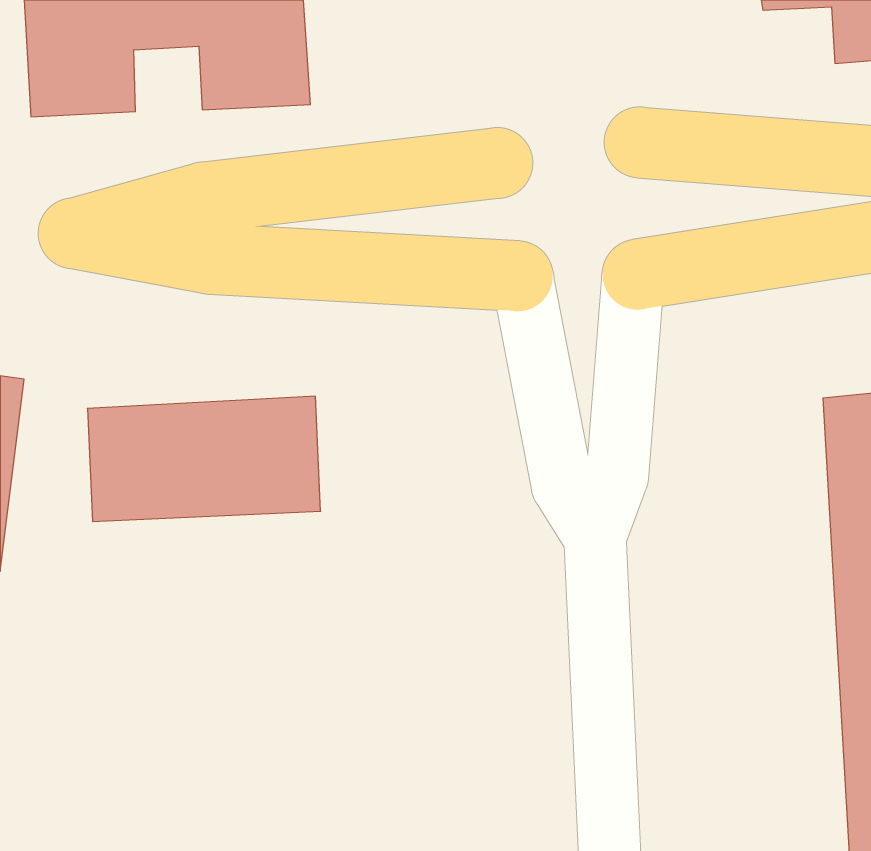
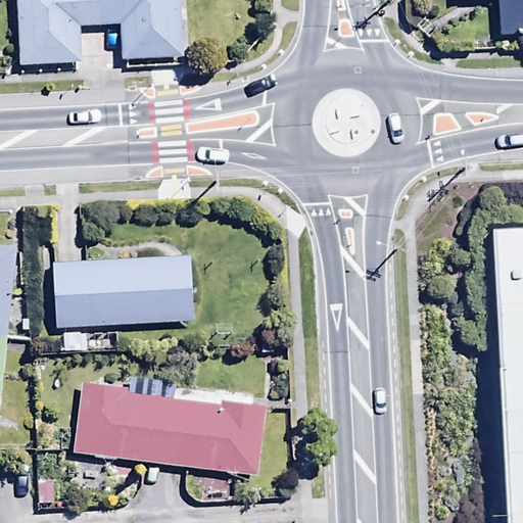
building: none -> [76,379,267,474]

